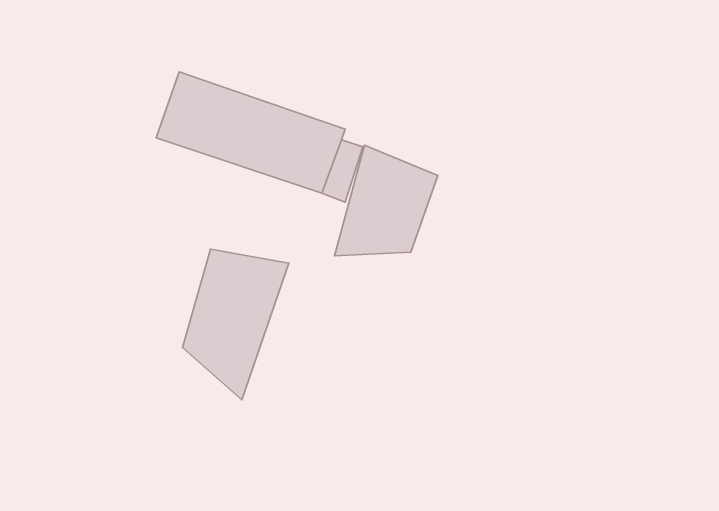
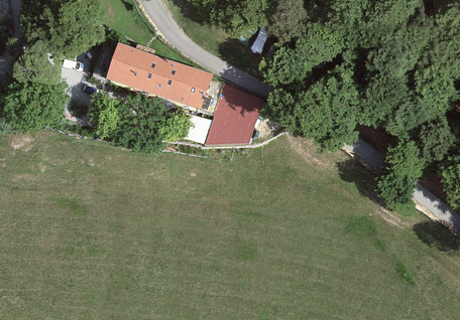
building: [182,249,289,400] -> none

